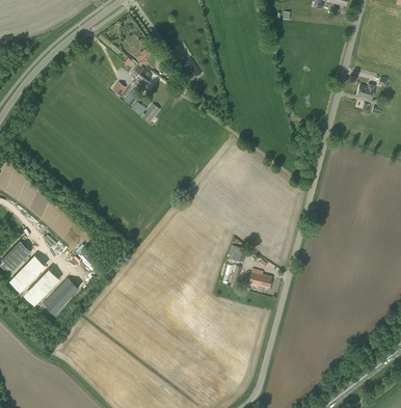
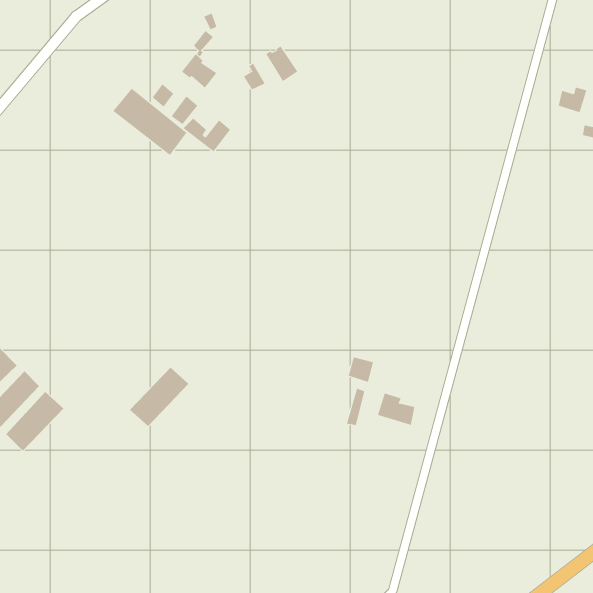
building: none -> [113,88,187,156]
building: [43,278,79,315] -> [129,367,189,427]

